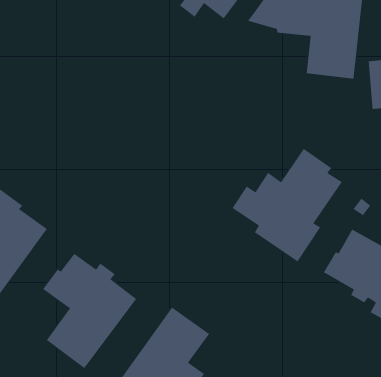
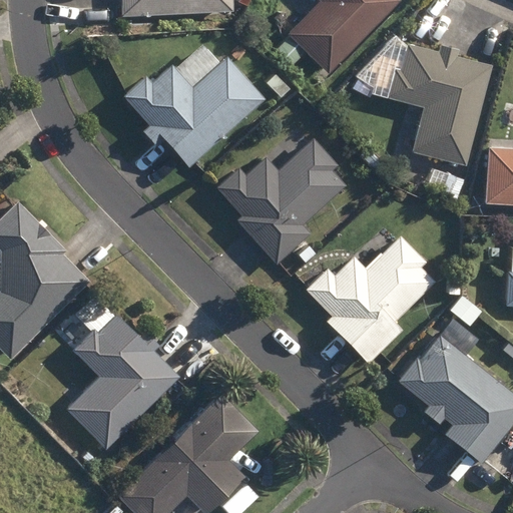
building: none -> [121,55,266,167]
building: none -> [215,138,347,265]

